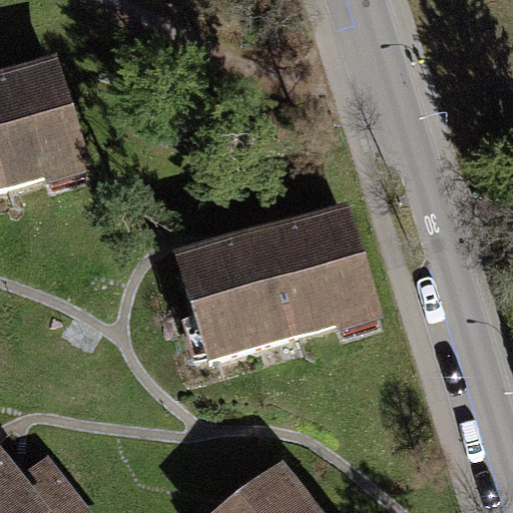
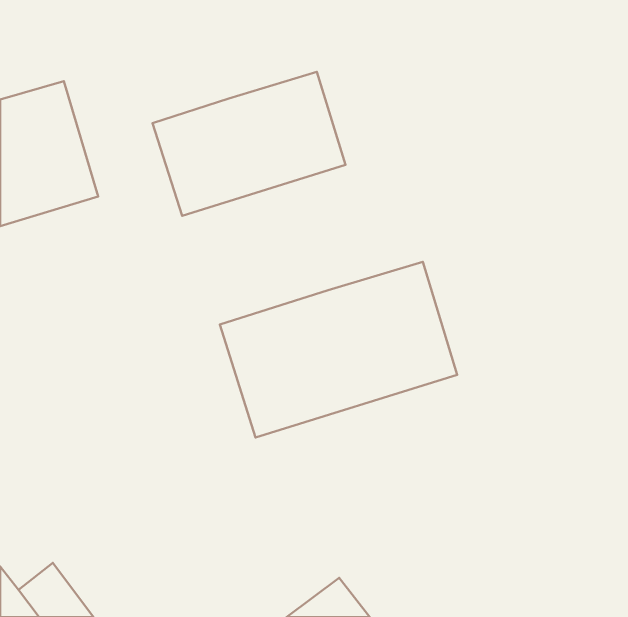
building: none -> [153,72,345,216]

